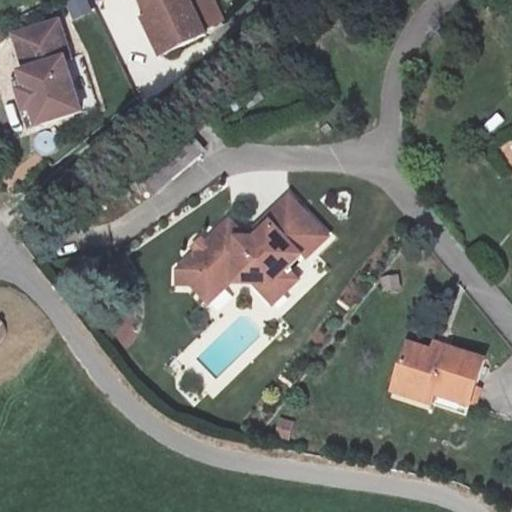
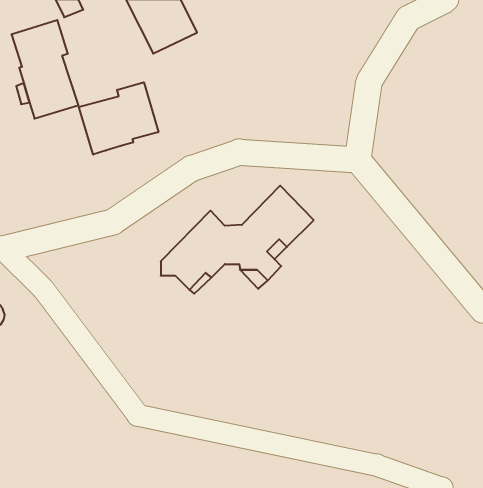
building: none -> [79,82,158,155]
building: [389,340,481,402] -> none

